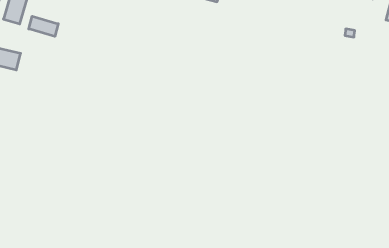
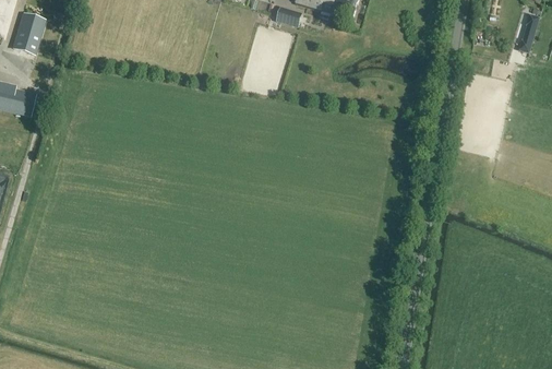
building: [29,16,58,36] -> none

